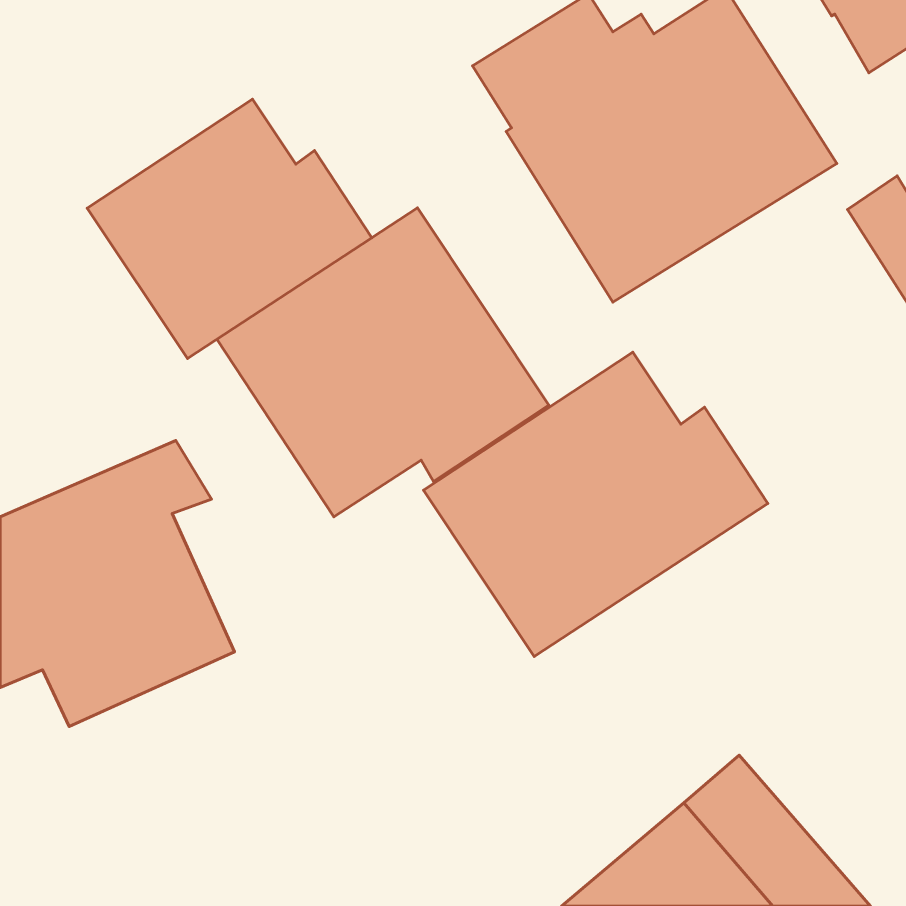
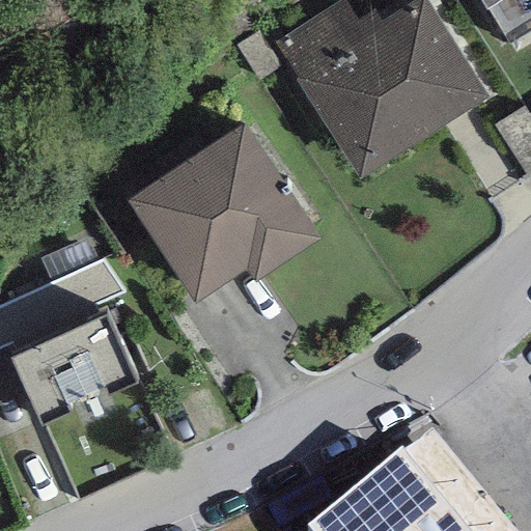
building: [87,99,372,358] -> none
building: [423,352,768,656] -> none

